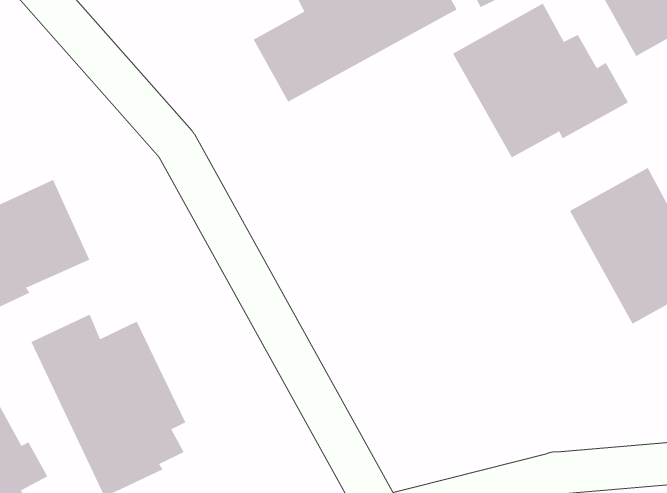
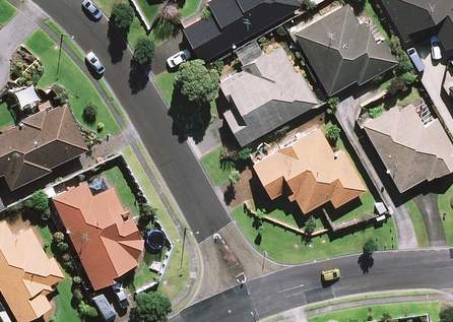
building: none -> [219,39,317,143]
building: none -> [252,126,365,211]

